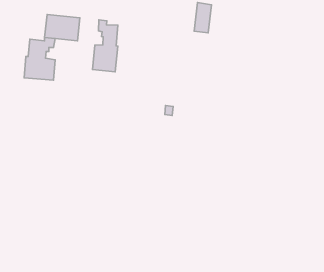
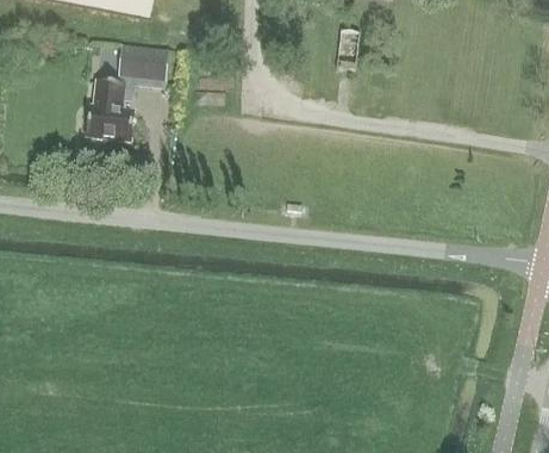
building: [92,20,118,72] -> none

